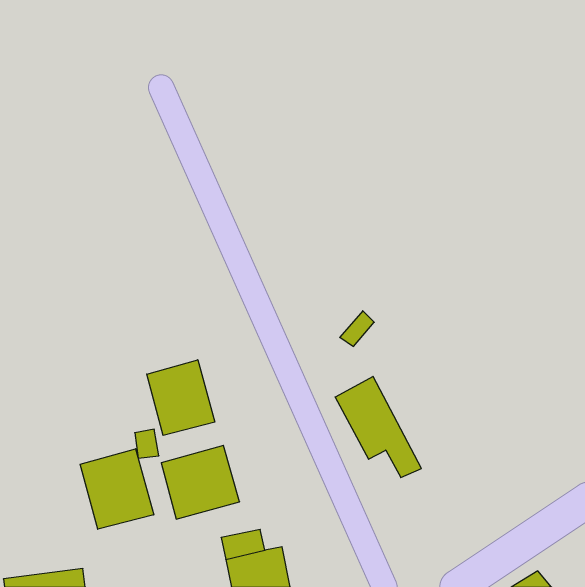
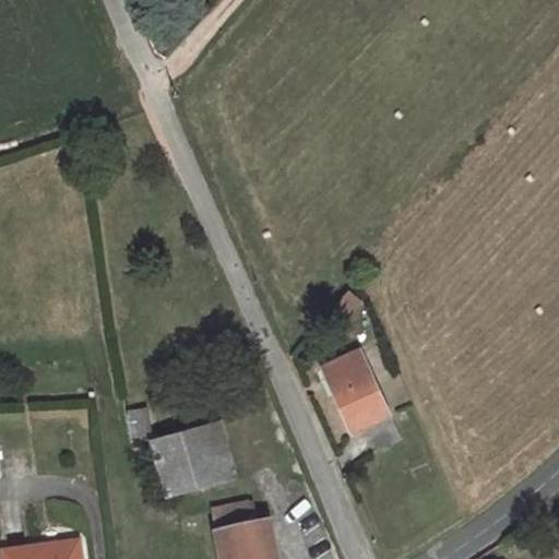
building: [147,360,215,435] -> none
building: [80,449,154,529] -> none

